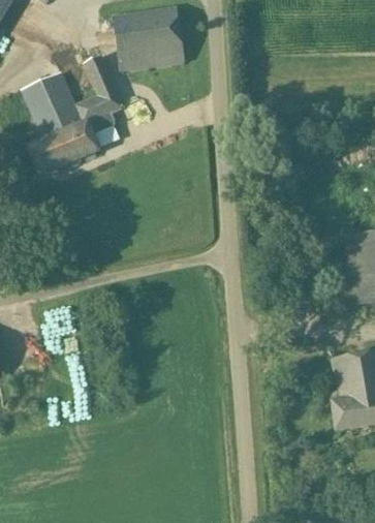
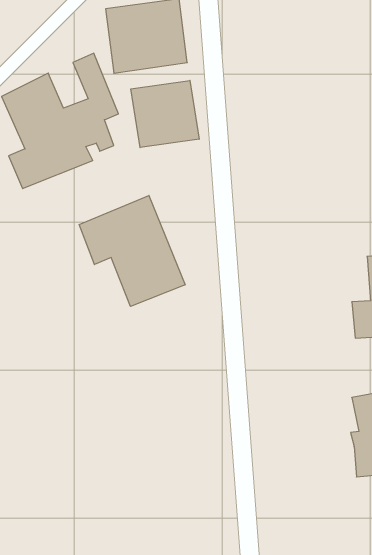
building: none -> [131,80,199,148]
building: none -> [79,195,185,306]

